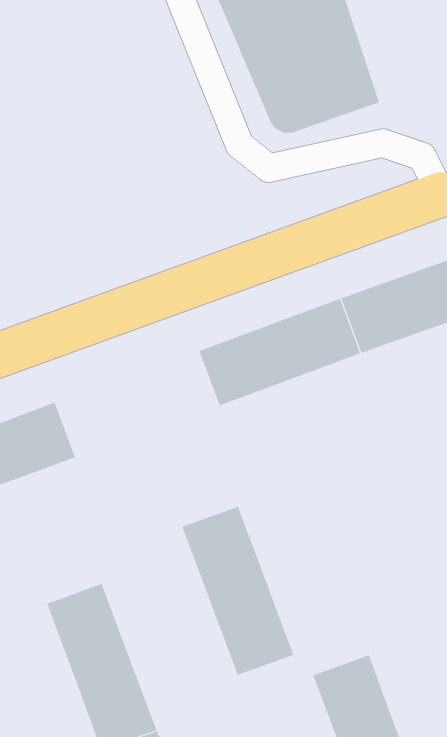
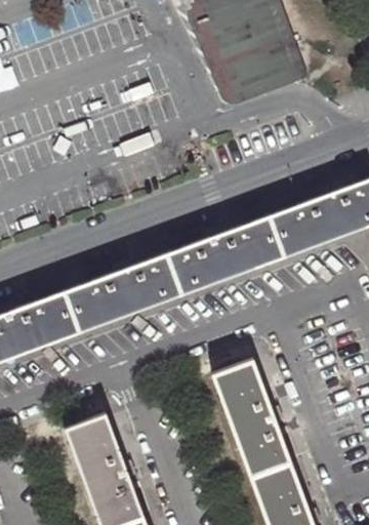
building: none -> [73,252,188,327]
building: [182,506,294,676] -> [214,361,293,480]

